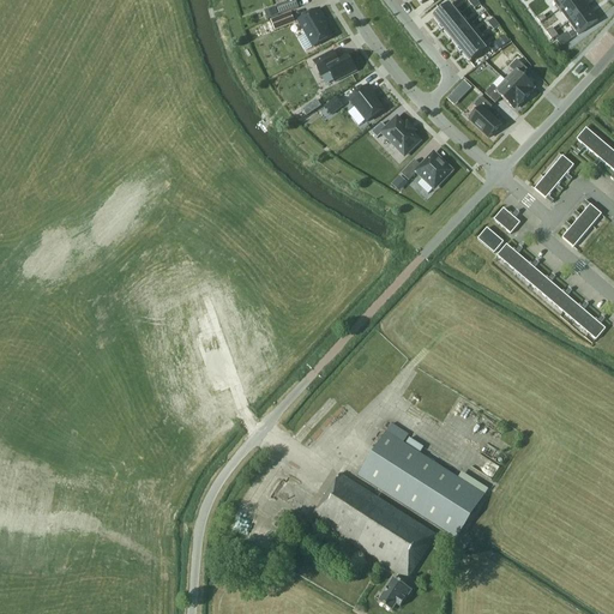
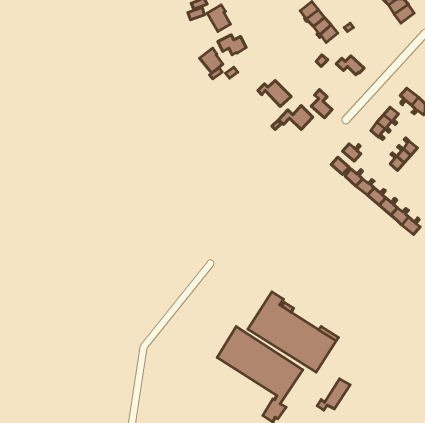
building: [506,58,534,98] -> none
building: [349,85,383,121] -> [199,48,223,73]
building: [470,97,500,138] -> [311,90,332,118]
building: none -> [317,379,350,410]

